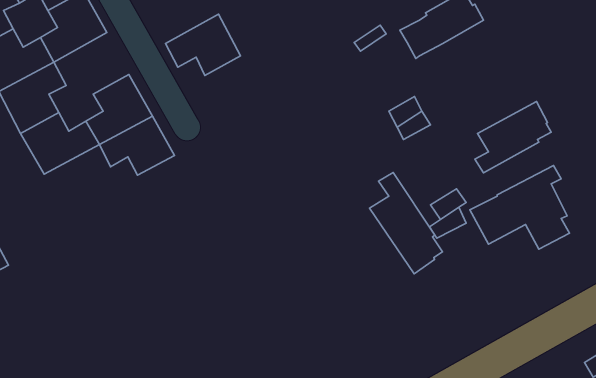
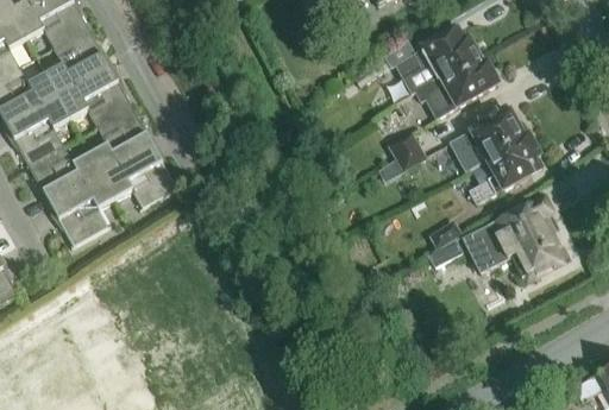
building: [165,14,241,76] -> [62,68,134,127]
building: none -> [415,56,497,118]
building: none -> [450,105,528,170]
building: none -> [52,176,117,244]
building: [369,173,443,274] -> none

